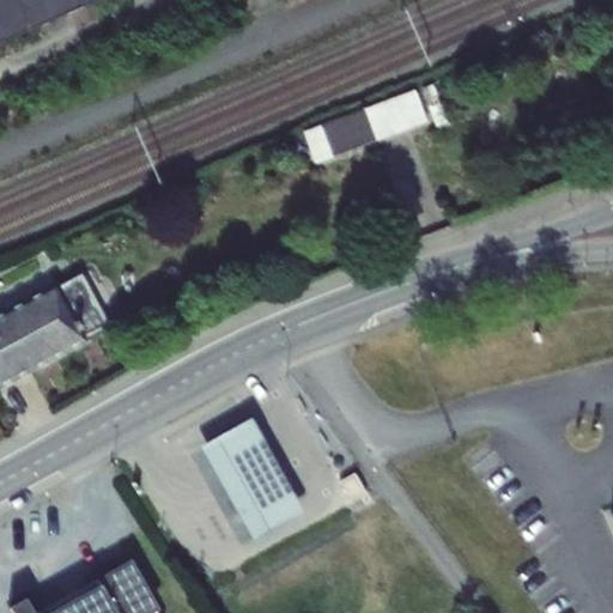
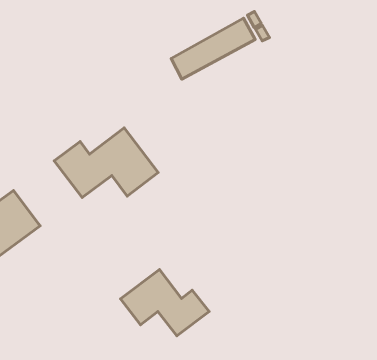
building: none -> [54,128,158,198]
building: [56,274,108,338] -> none

